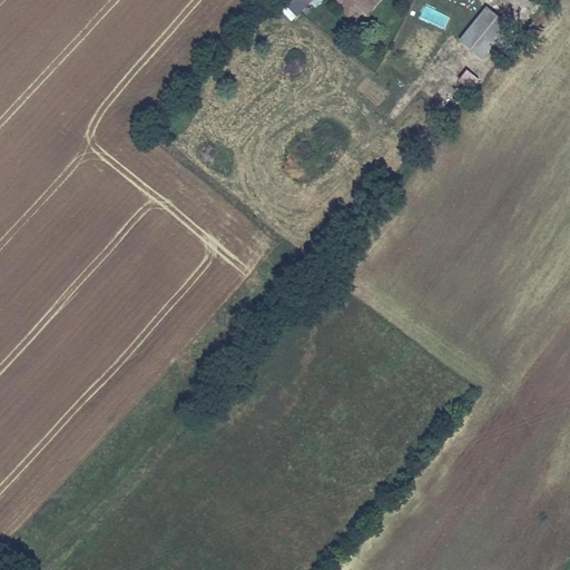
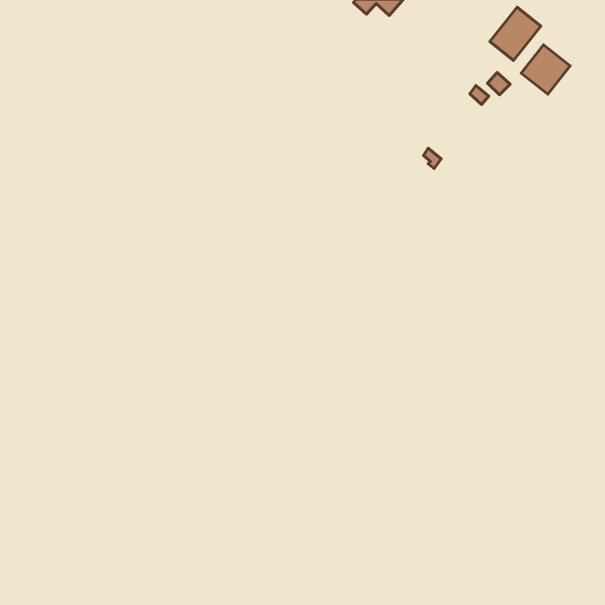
building: none -> [521,45,570,94]

